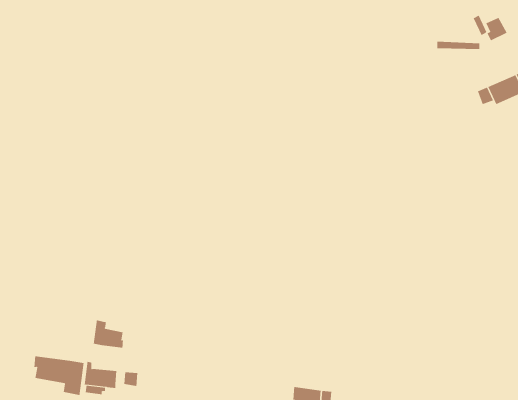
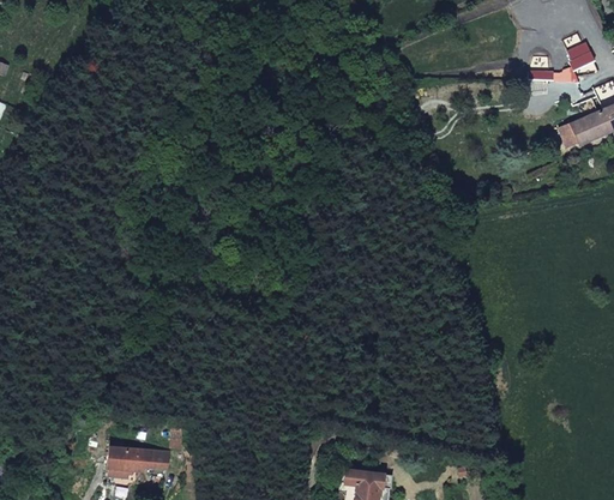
building: [93,320,124,349] -> none
building: [34,355,84,396] -> none

